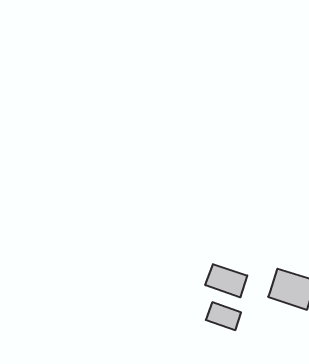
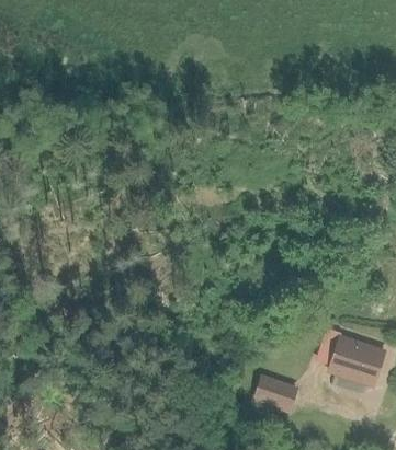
building: [205,264,247,297] -> none

